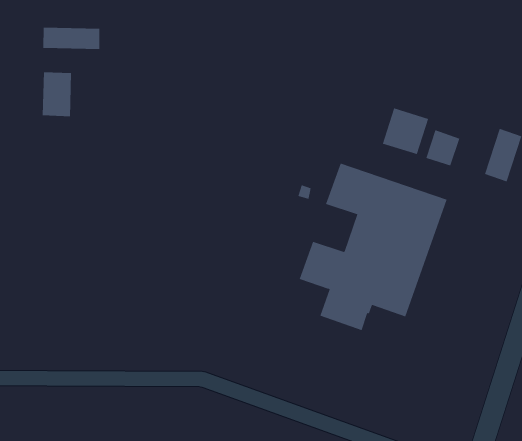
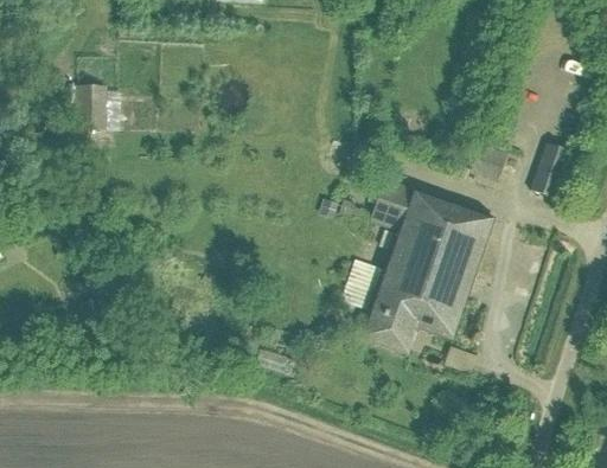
building: [43,27,100,50] -> none
building: [382,108,429,155] -> none

